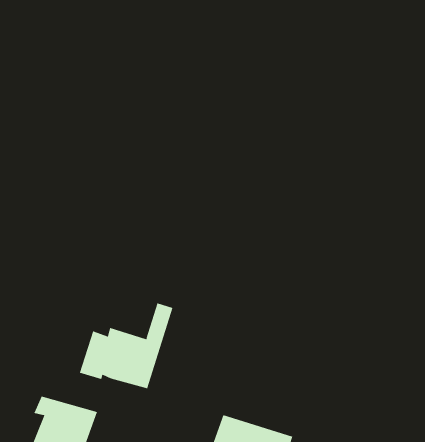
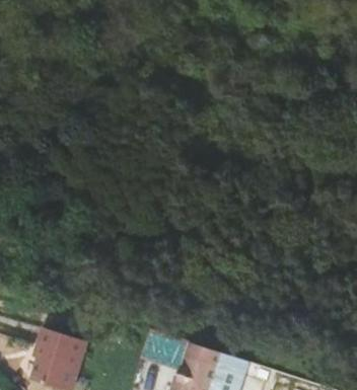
building: [79,303,173,389] -> none

